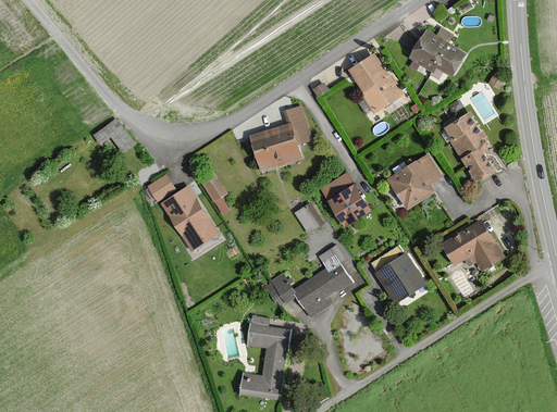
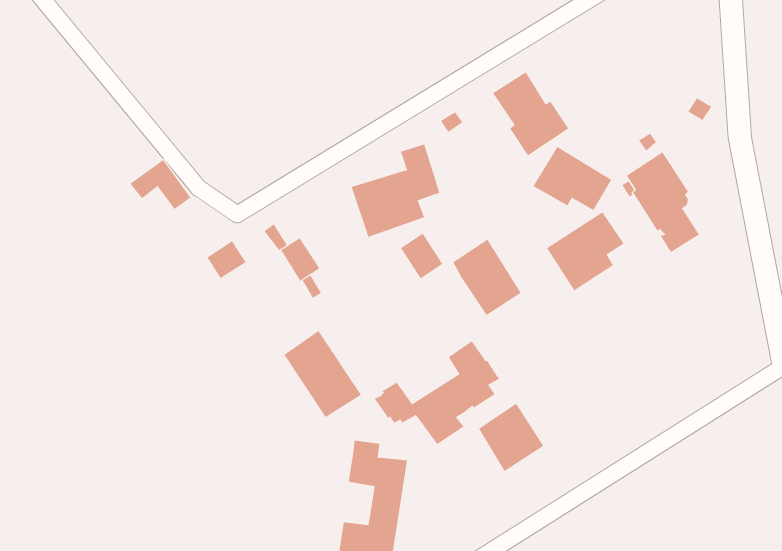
building: [408,29,465,75] -> [532,146,612,211]
building: [162,187,218,249] -> [284,330,362,418]
building: [294,202,324,235] -> [400,233,443,279]
building: [442,221,504,271] -> none
building: [376,254,423,303] -> [478,403,544,472]

